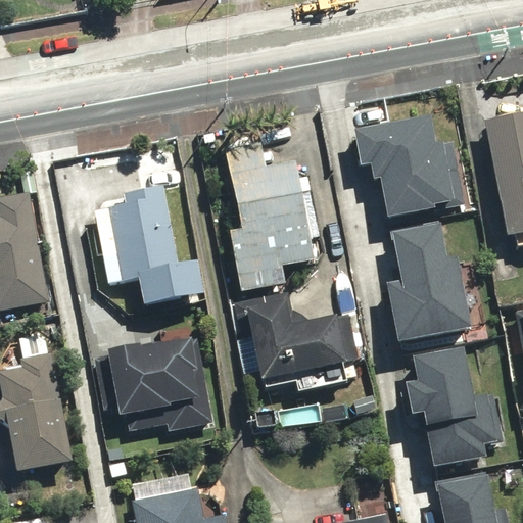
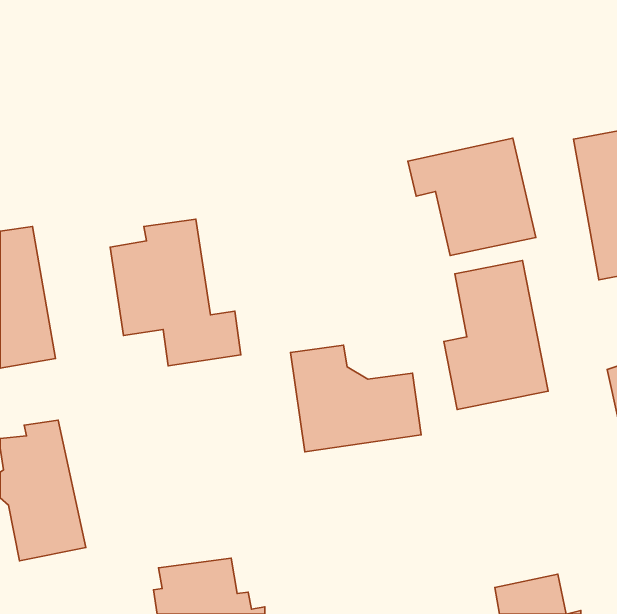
building: [231,142,322,290] -> none
building: [98,335,212,439] -> none
building: [396,358,482,477] -> none

